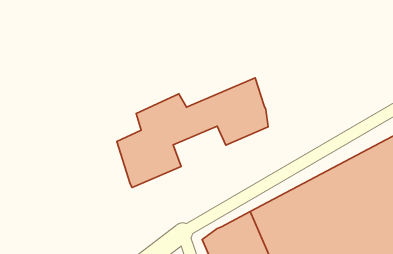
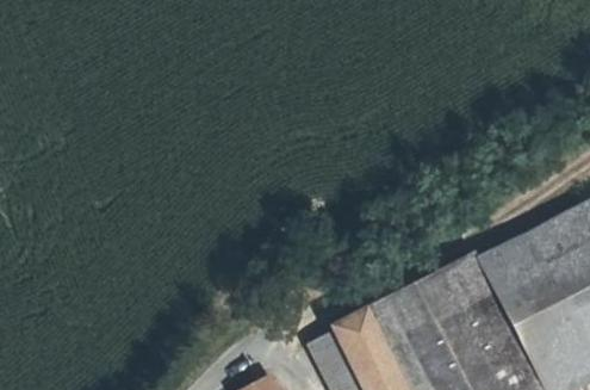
building: [117,78,268,188] -> none

